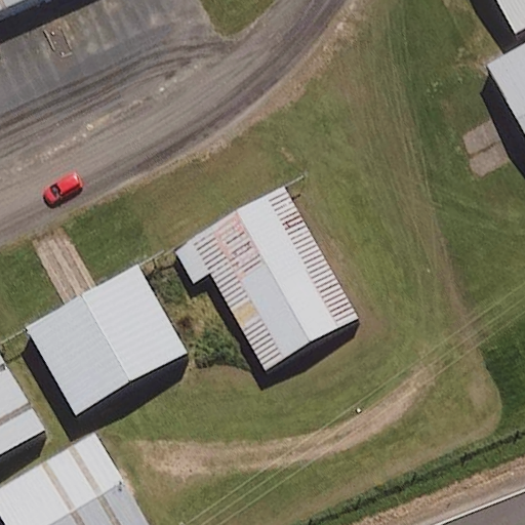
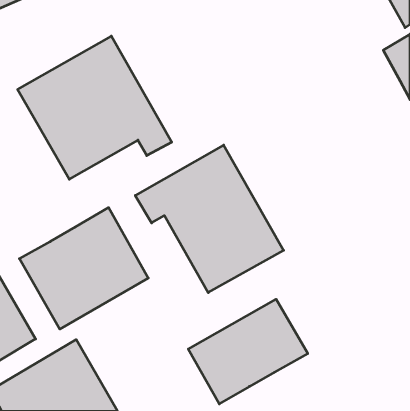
building: none -> [18,36,172,179]
building: none -> [188,299,308,404]

